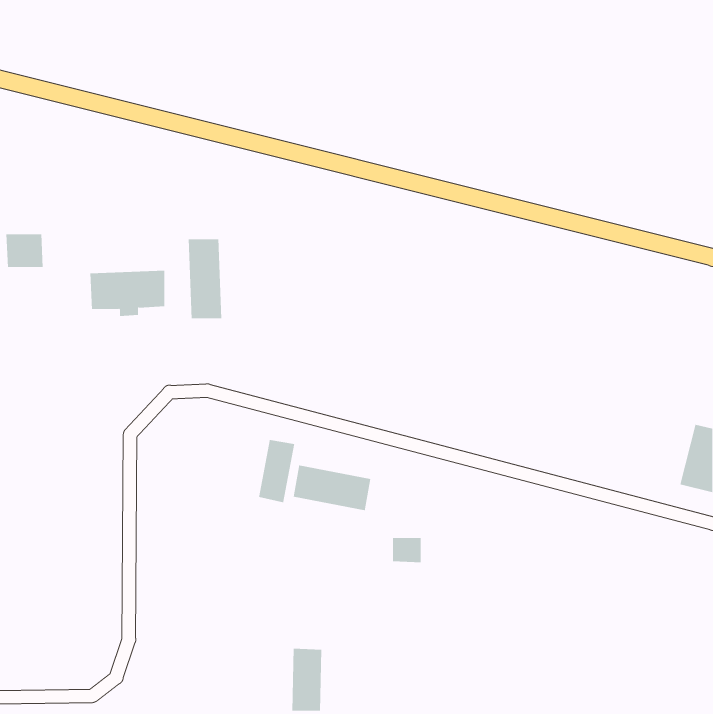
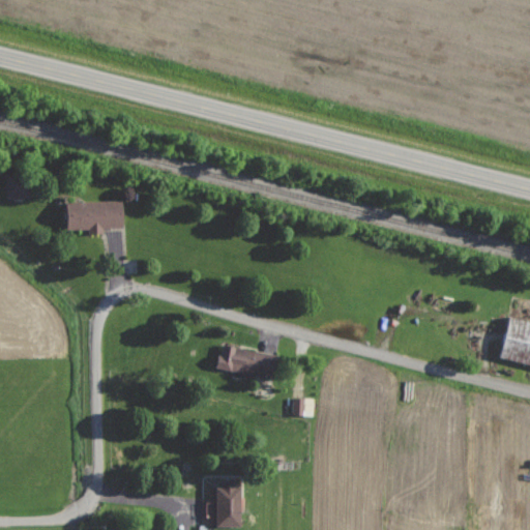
building: [188,238,222,319] -> none
building: [258,439,295,503] -> none

